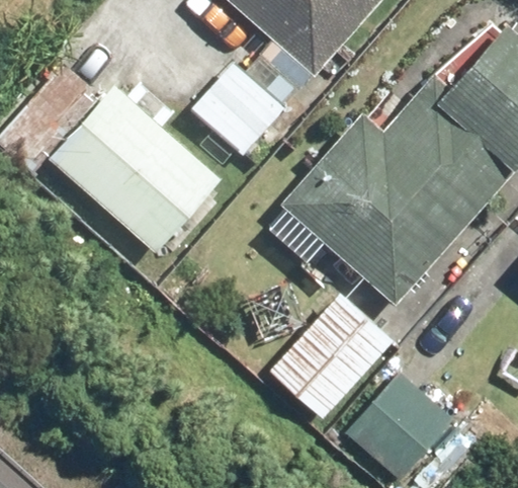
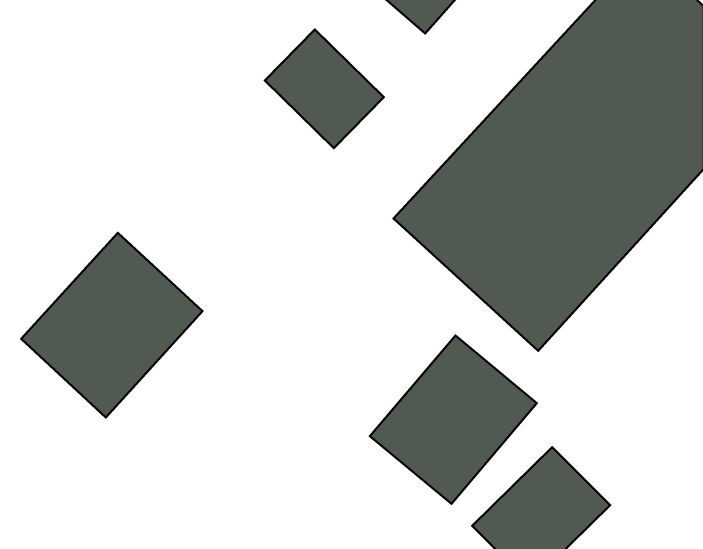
building: [53,87,213,244] -> none
building: none -> [21,233,202,417]

